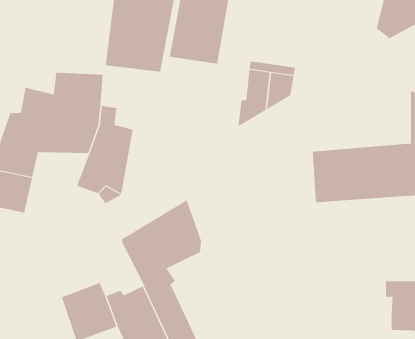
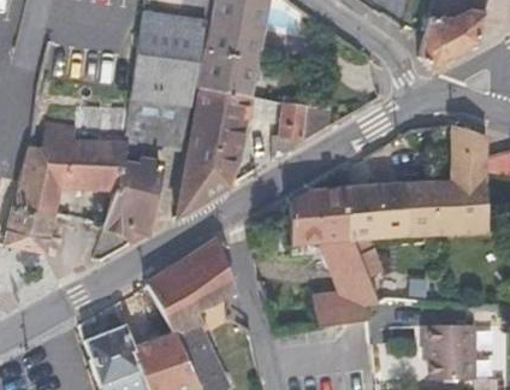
building: none -> [180,89,251,217]
building: none -> [129,98,191,149]
building: none -> [292,188,378,326]

